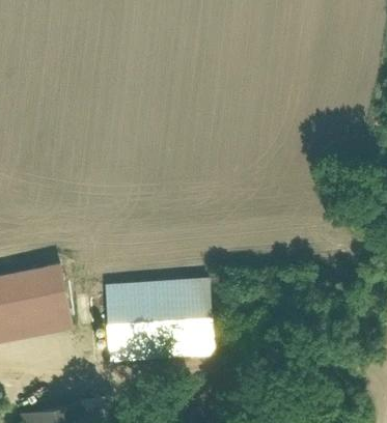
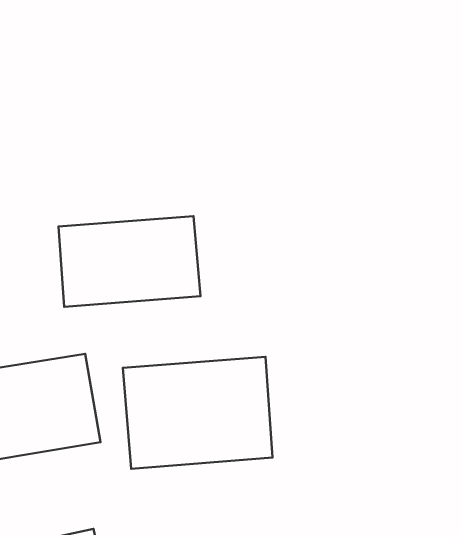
building: none -> [58,216,201,307]

